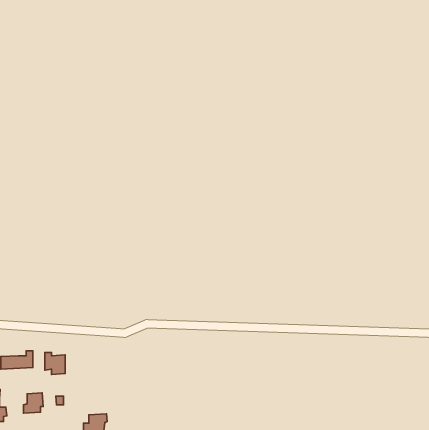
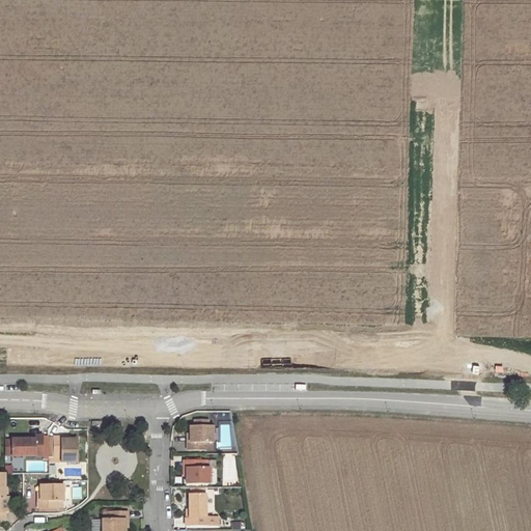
building: none -> [183,428,207,451]
building: none -> [188,460,213,482]
building: none -> [187,497,207,526]

